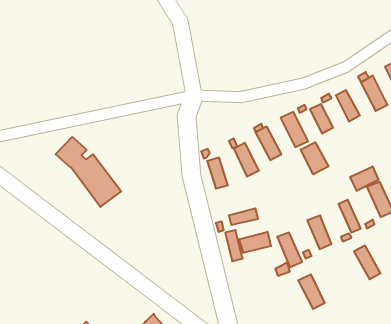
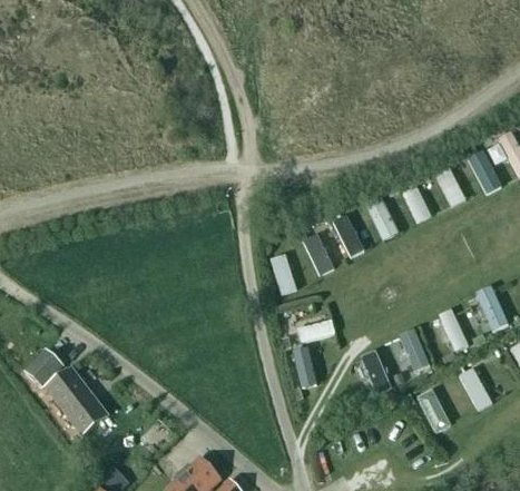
building: [56,137,121,207] -> [24,348,109,439]
building: [301,142,328,174] -> none
building: [350,166,379,191] -> none
building: [239,232,271,253] -> none
building: [298,274,325,309] -> [416,389,451,433]

